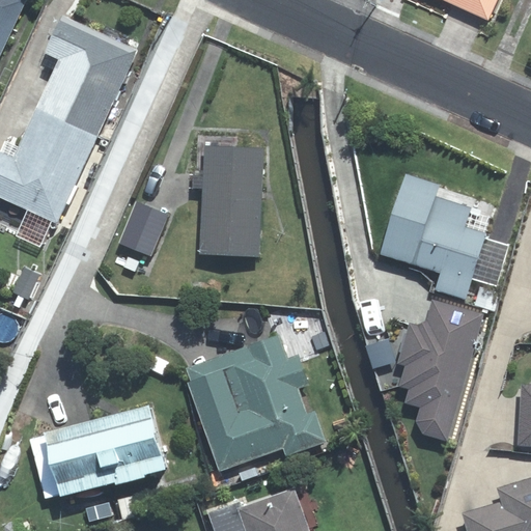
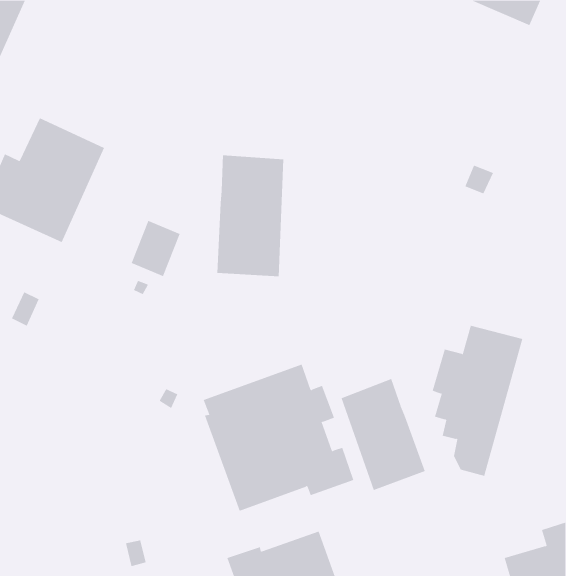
building: [36,17,137,137] -> none
building: [383,173,484,297] -> none
building: none -> [341,378,425,491]
building: [51,406,172,494] -> none

